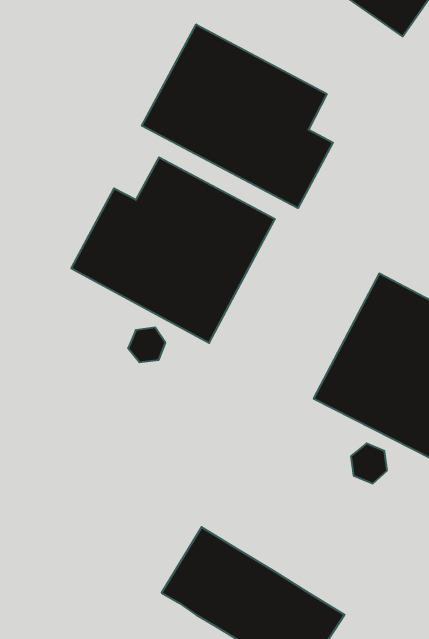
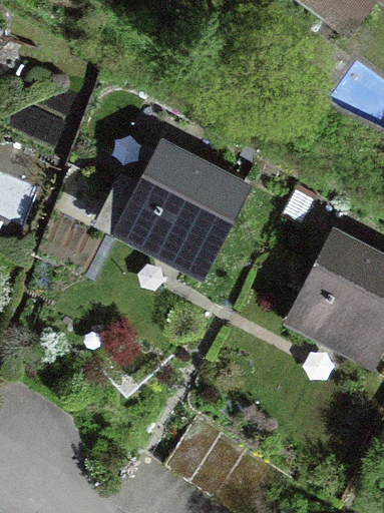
building: [142,24,333,208] -> none

